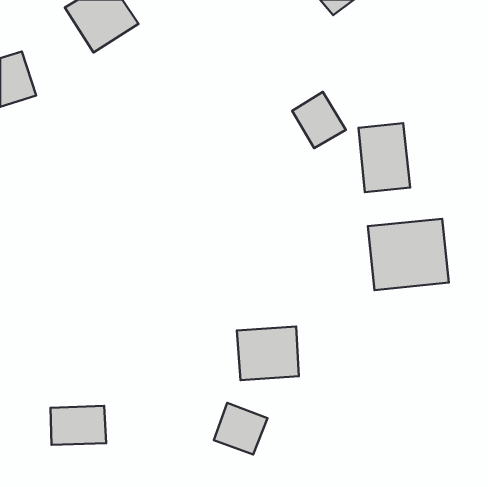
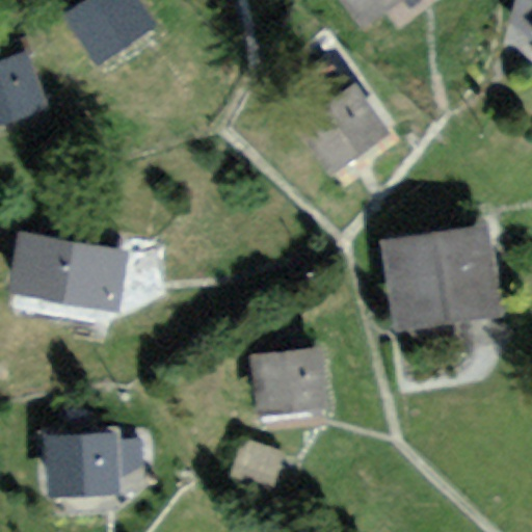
building: [359,123,410,192] -> none
building: none -> [18,234,124,300]

